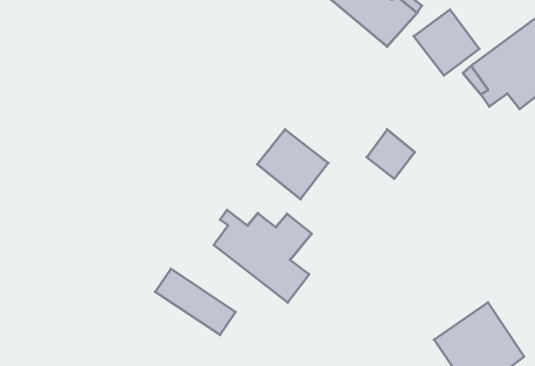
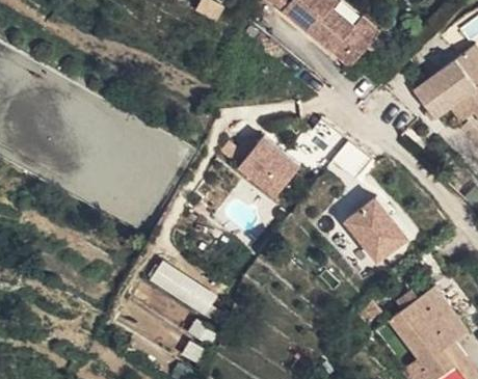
building: [414,10,479,75] -> none
building: none -> [344,198,406,263]
building: [214,210,312,303] -> none

